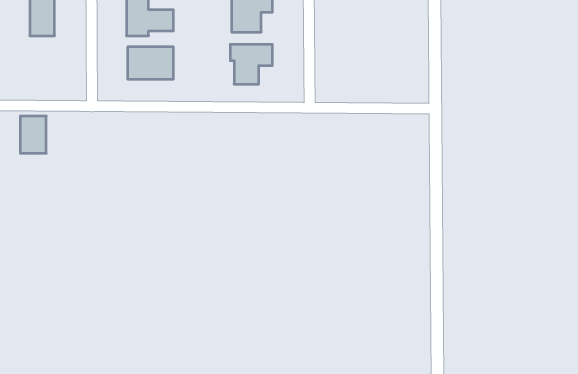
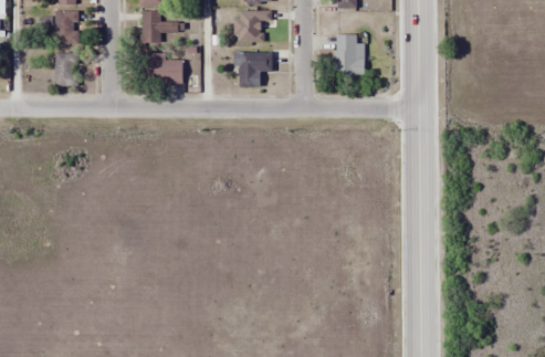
building: none -> [334,34,364,74]
building: [20,116,46,153] -> [54,53,77,86]

